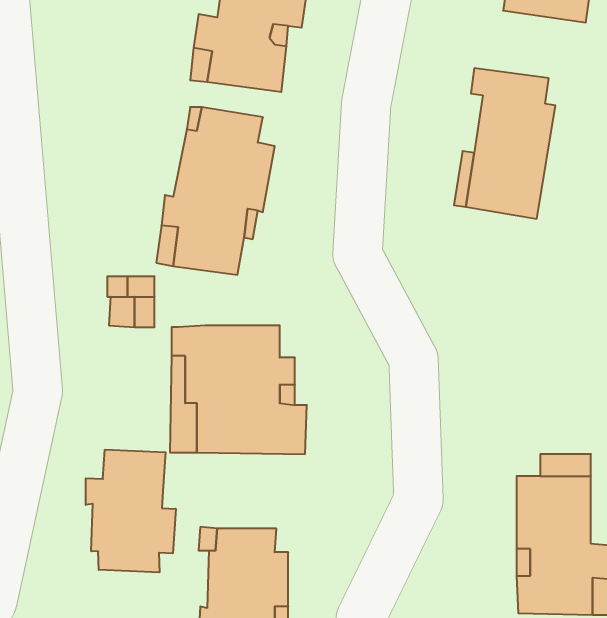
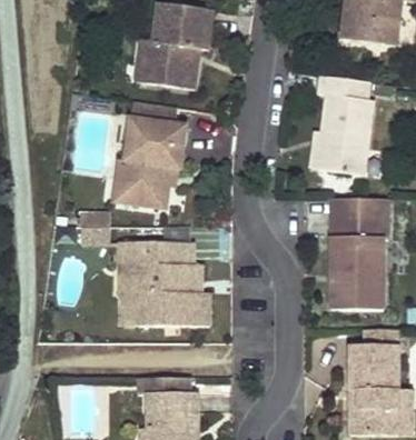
building: none -> [328,197,387,308]
building: [86,450,176,572] -> none

